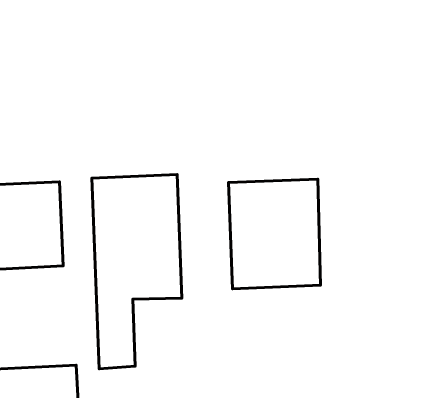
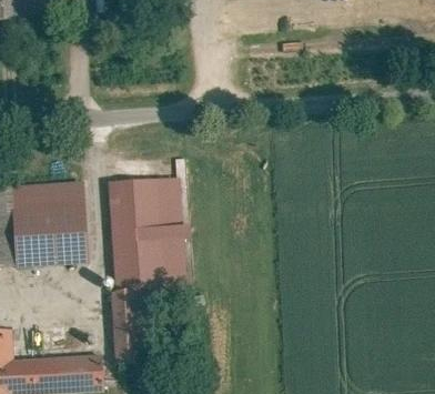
building: [228,179,320,289] -> none

